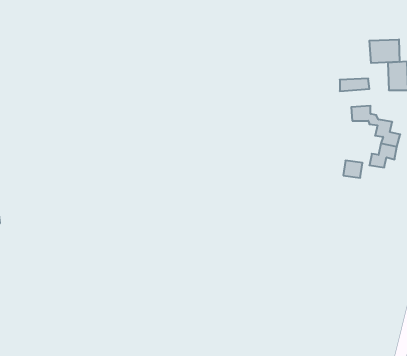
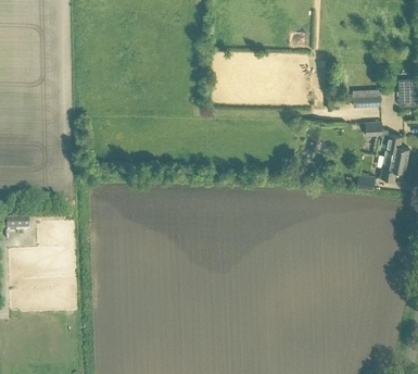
building: [369,39,400,63] -> none

